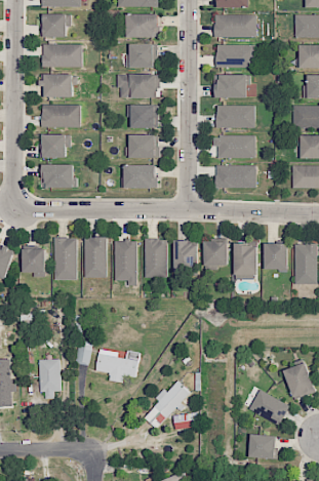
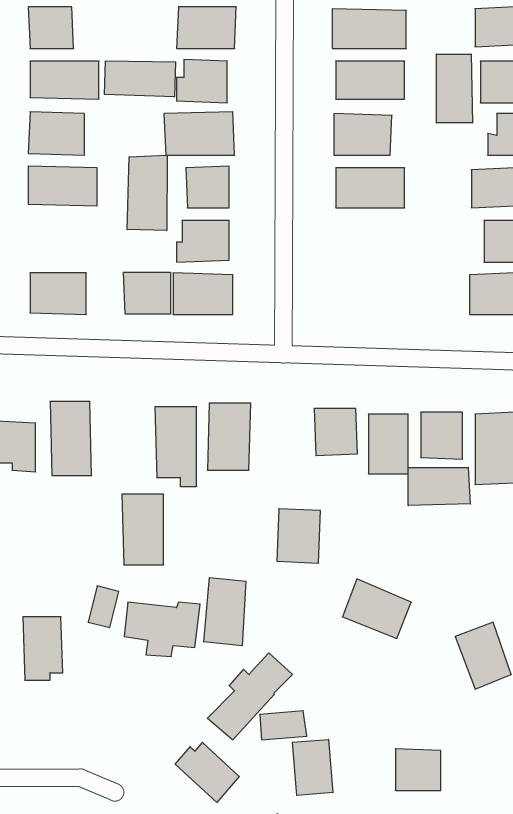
building: none -> [436,54,473,123]
building: none -> [104,61,176,97]
building: none -> [127,155,167,231]
building: [40,133,67,158] -> none
building: [212,135,255,158] -> none
building: none -> [123,272,170,314]
building: [215,164,255,188] -> none
building: [83,237,107,277] -> [122,494,164,565]
building: [173,241,198,272] -> [277,509,320,563]
building: none -> [408,467,470,506]
building: none -> [204,578,246,646]
building: [249,390,288,424] -> [342,579,411,638]
building: none -> [292,739,333,795]
building: none -> [175,742,239,802]

